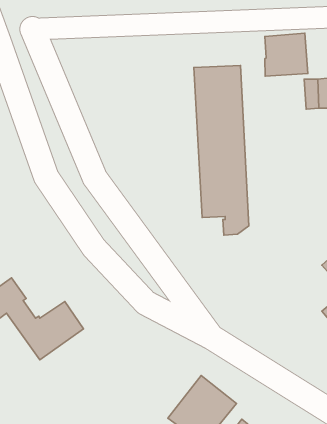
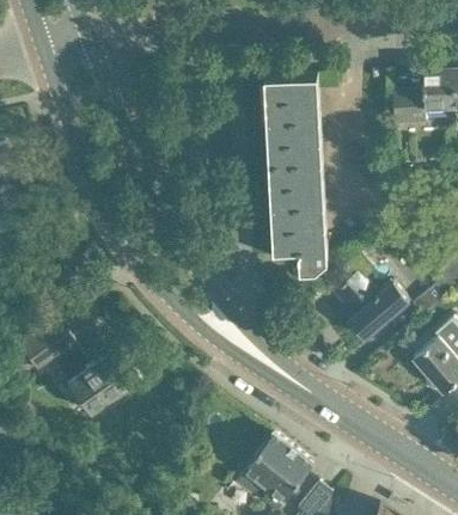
building: [265,33,308,76] -> none
building: none -> [331,271,408,341]

